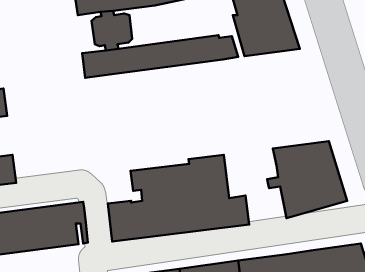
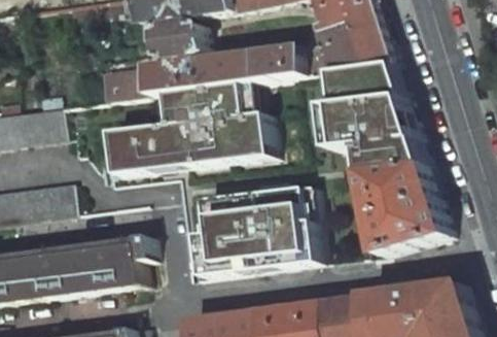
building: none -> [319,61,423,174]
building: none -> [96,66,146,100]
building: none -> [109,81,269,174]

